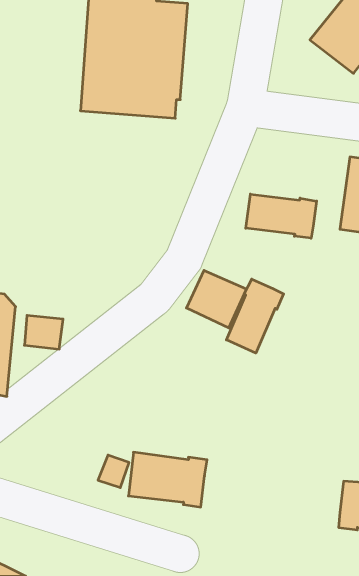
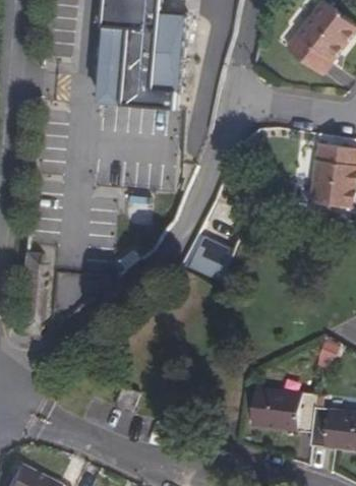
building: [246,194,317,238] -> none
building: [226,279,284,353] -> none
building: [128,452,207,507] -> [252,386,316,431]

